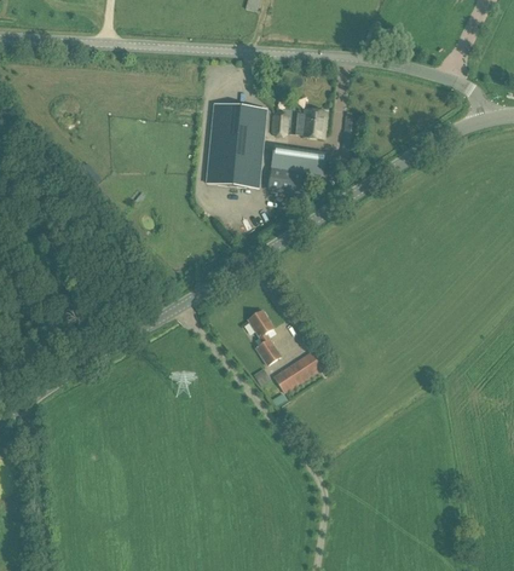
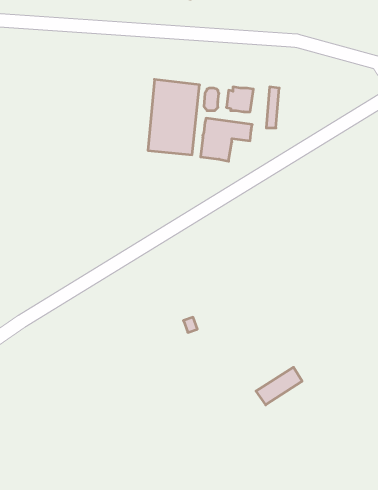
building: [248,310,281,363] -> none
building: [273,348,325,391] -> [256,367,302,405]

